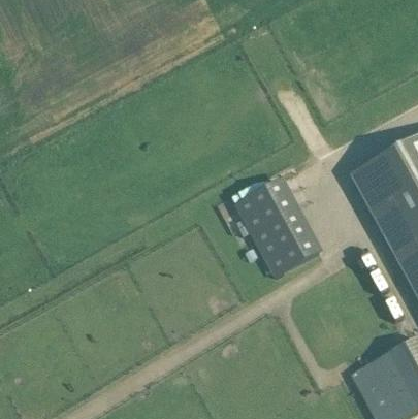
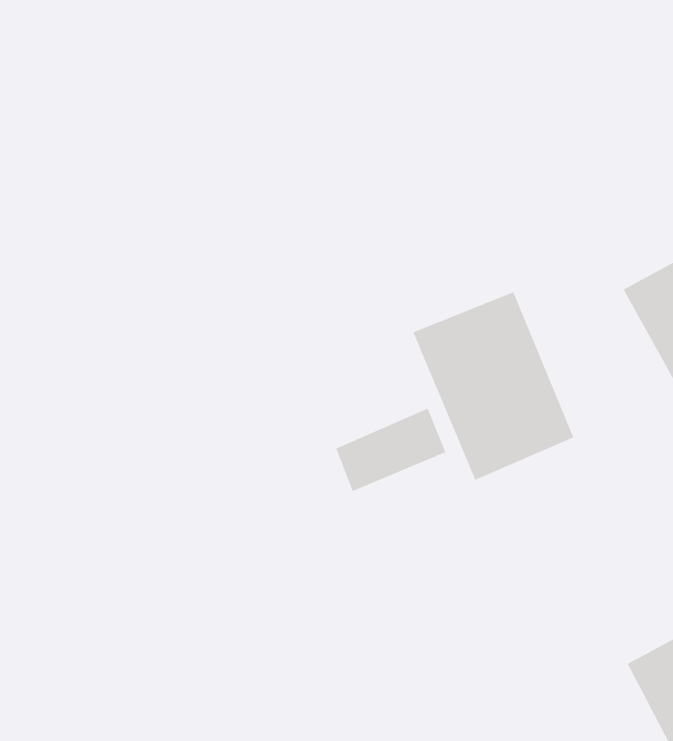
building: none -> [336,408,446,492]

